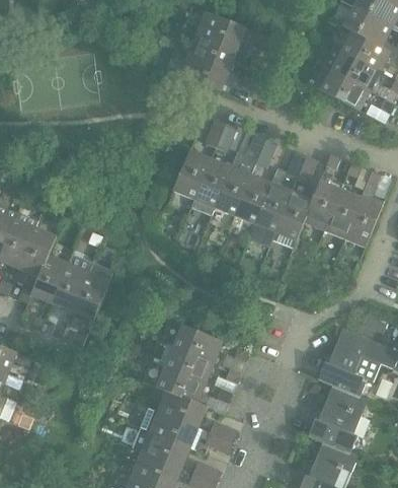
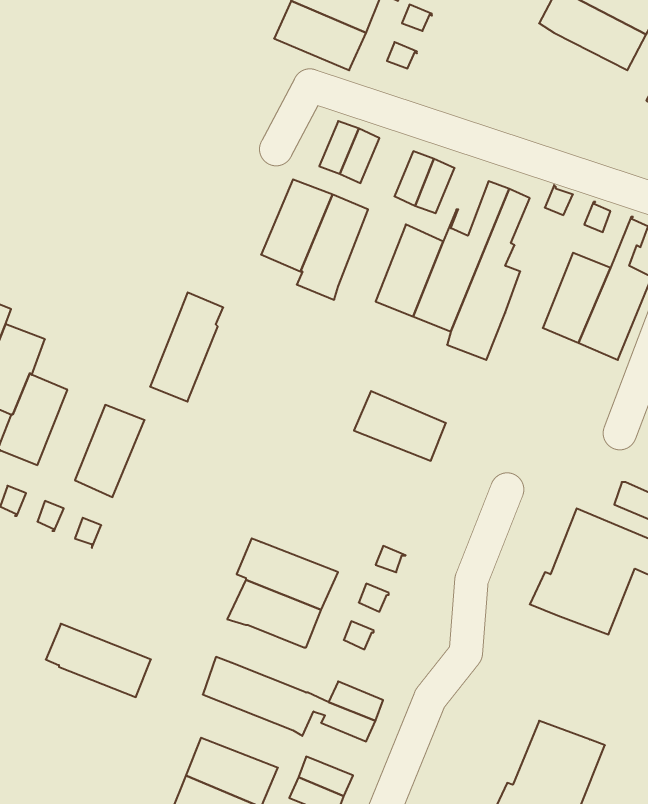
building: [320,70,370,111] -> none
building: [214,165,250,215] -> none
building: [304,170,340,229] -> none
building: [52,253,91,311] -> [150,292,223,402]
building: [172,324,222,361] -> [354,391,446,461]
building: [308,385,367,451] -> none
building: [156,390,206,426] -> none
building: [133,427,189,467] -> [46,624,151,697]

